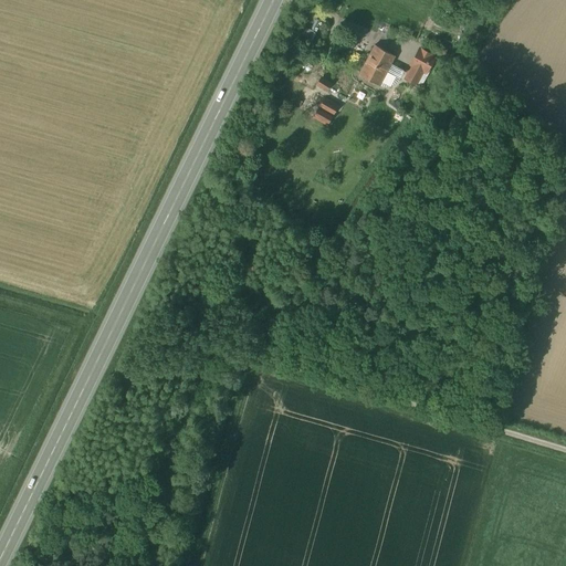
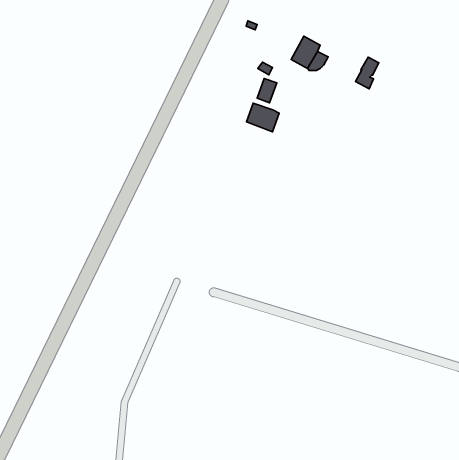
building: [402,48,431,86] -> [355,57,379,89]
building: none -> [246,103,279,132]

